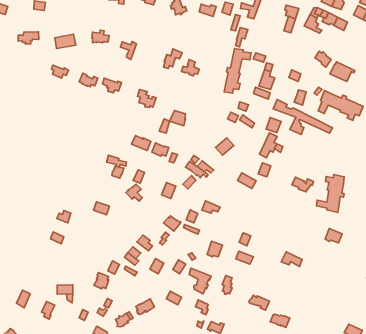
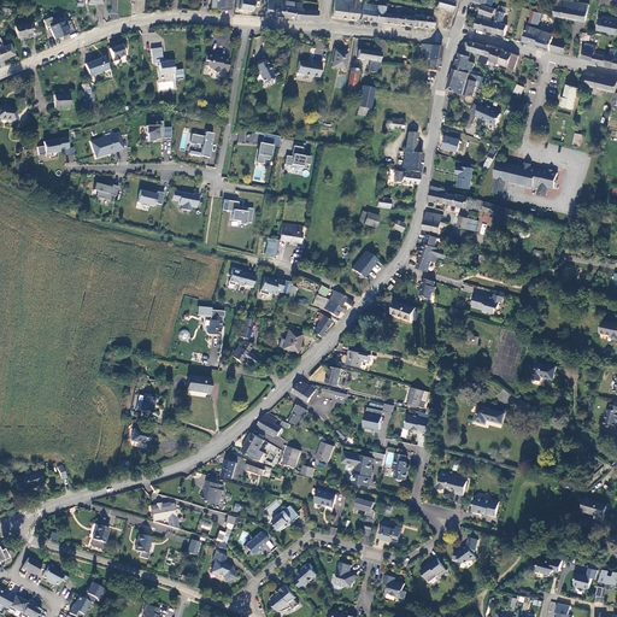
building: [224,48,251,93] -> none
building: [330,62,355,82] -> [446,69,482,95]
building: [316,174,344,212] -> none

